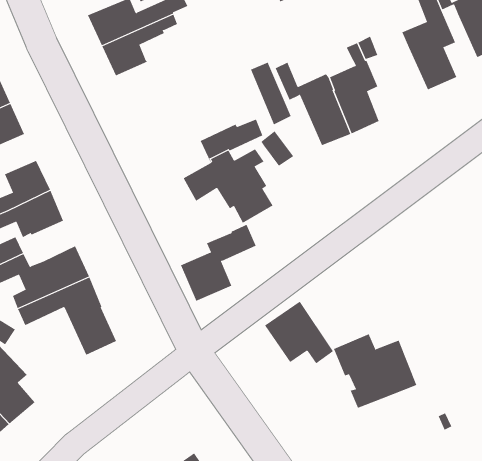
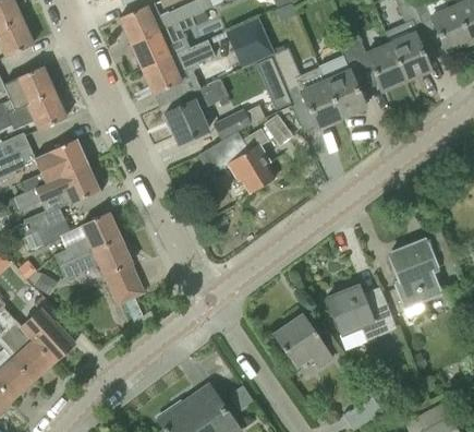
building: none -> [226,19,272,67]
building: none -> [143,39,216,95]
building: none -> [366,45,405,91]
building: [180,224,257,301] -> [165,79,229,144]
building: none -> [388,240,441,302]
building: [264,301,334,364] -> [274,314,332,368]

